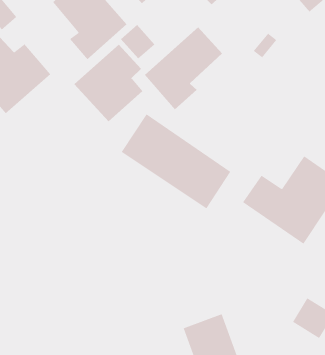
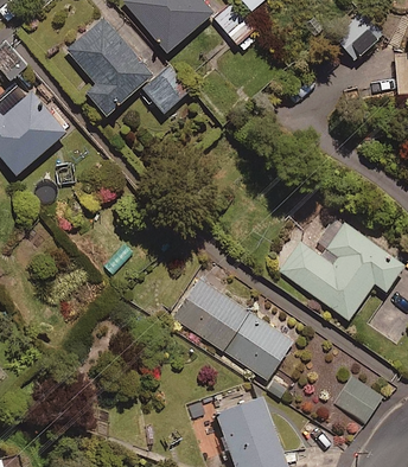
building: [144,26,223,110] -> none
building: [74,44,143,122] -> none
building: [121,114,231,209] -> [172,276,295,383]

